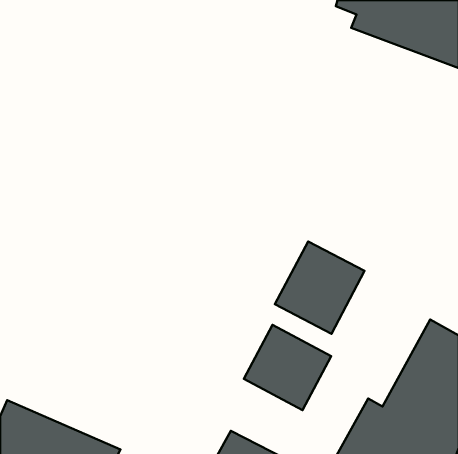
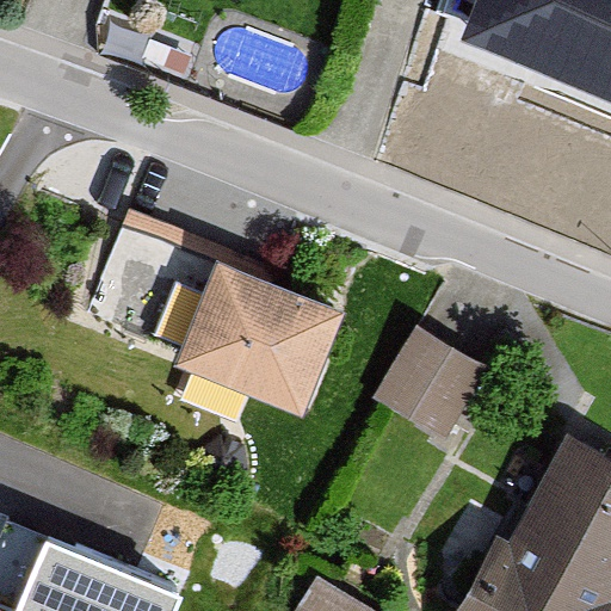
building: none -> [92,212,350,403]
building: [244,325,331,410] -> none

